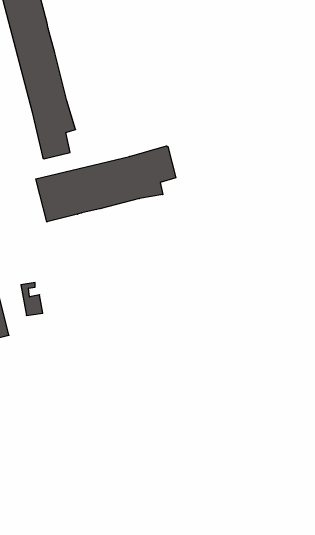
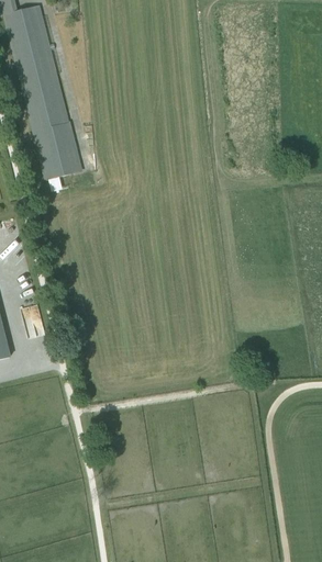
building: [36,146,176,222] -> none

